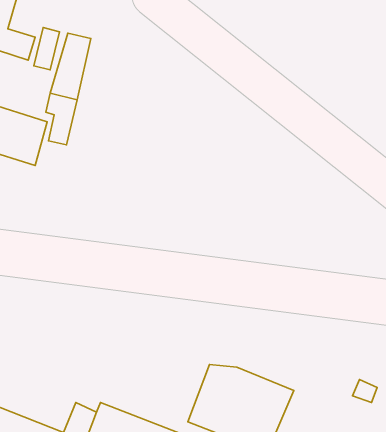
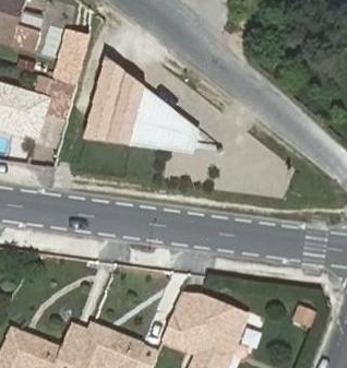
building: none -> [83,56,195,150]

